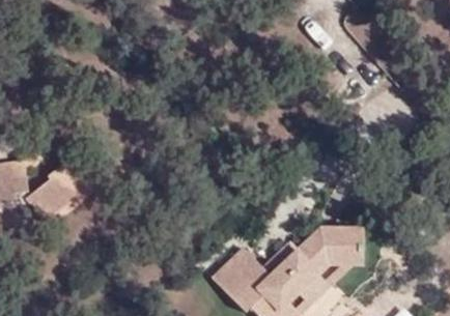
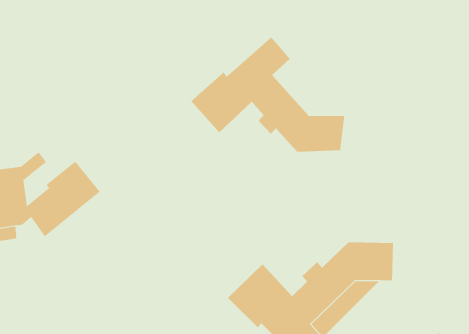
building: none -> [191,36,345,152]

